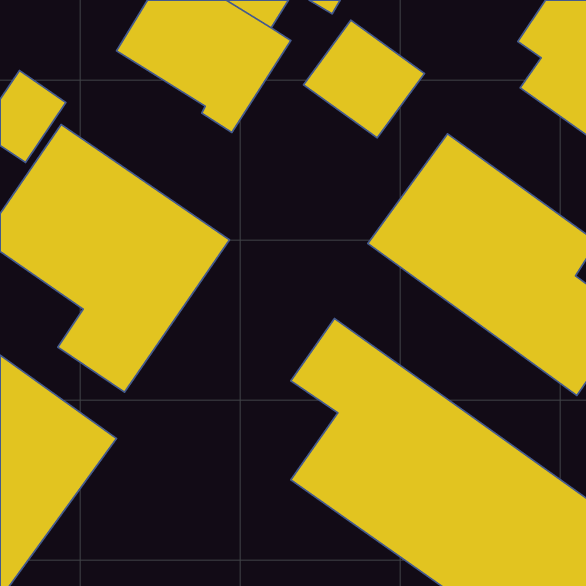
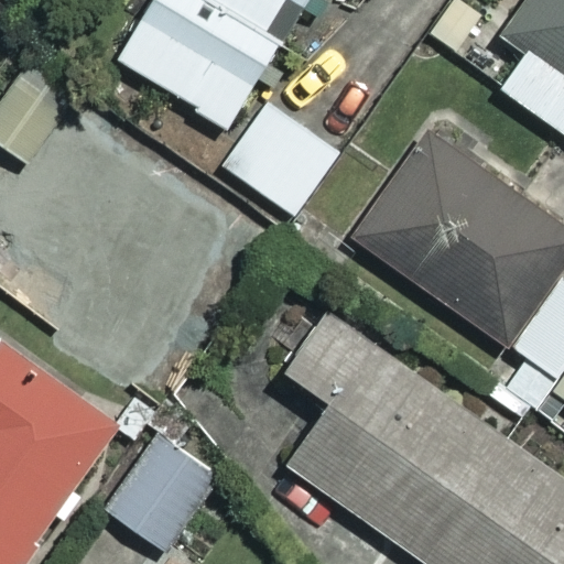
building: [303,20,425,138] -> [223,102,338,215]
building: none -> [101,432,218,551]

